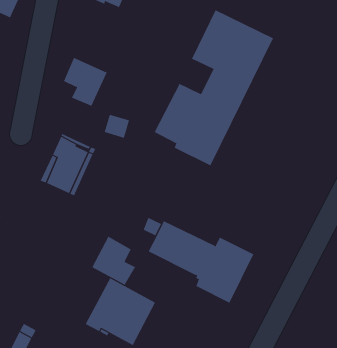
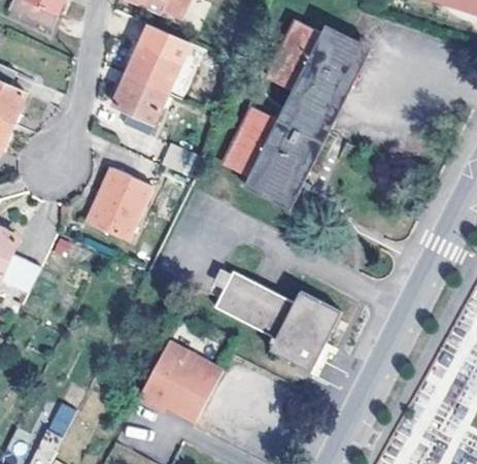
building: none -> [126,42,184,94]
building: [91,236,136,285] -> none

